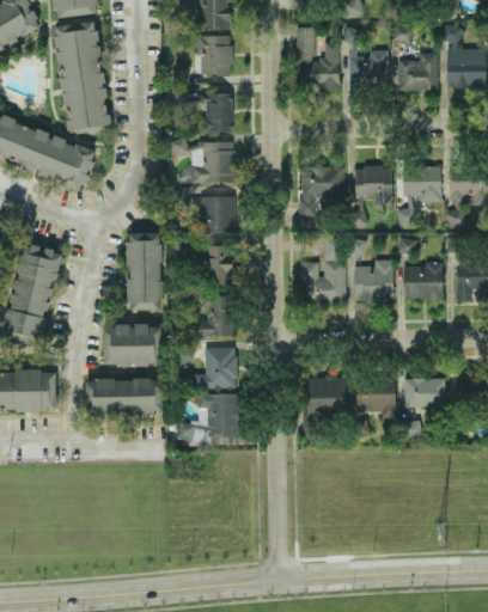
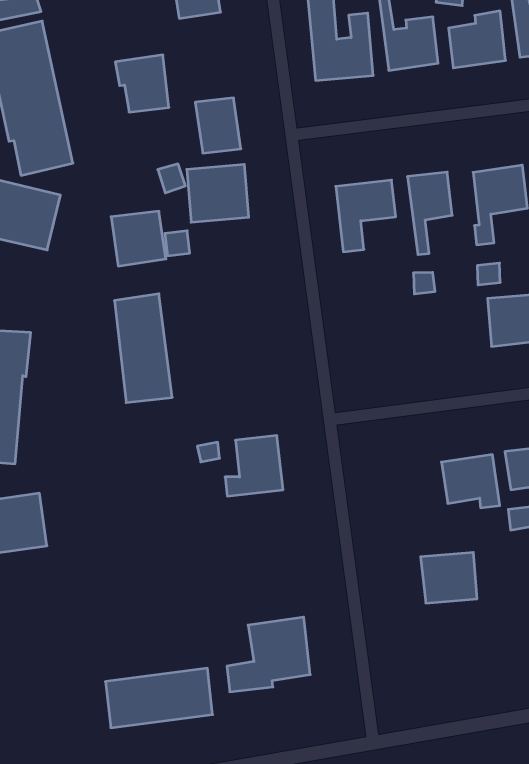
building: [195,35,231,74] -> [115,55,169,112]
building: [199,196,236,233] -> [111,211,166,266]
building: [300,237,344,304] -> none
building: [205,244,232,284] -> none
building: [354,259,392,300] -> none
building: [193,294,232,336] -> none
building: [103,324,161,366] -> none
building: [306,377,346,412] -> [421,552,477,603]
building: [85,378,161,414] -> [105,668,213,728]
building: [177,392,238,441] -> [227,617,310,692]

